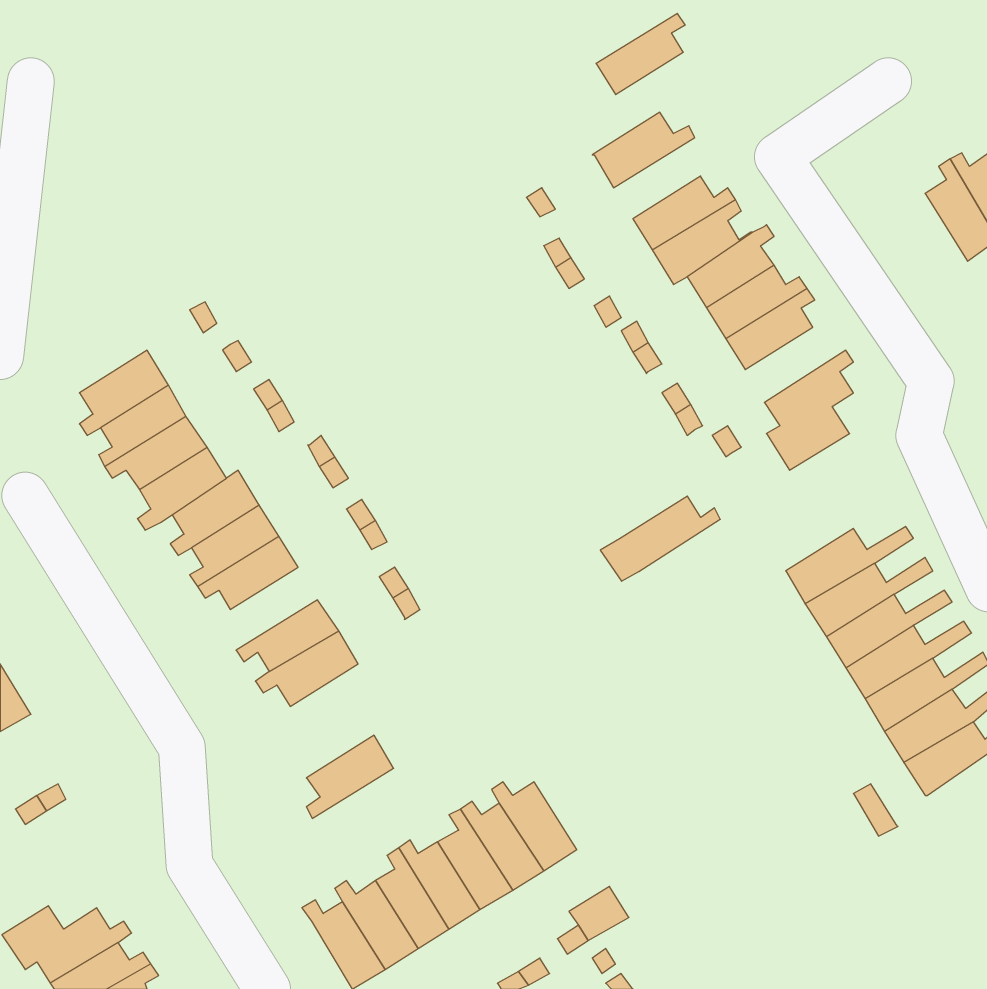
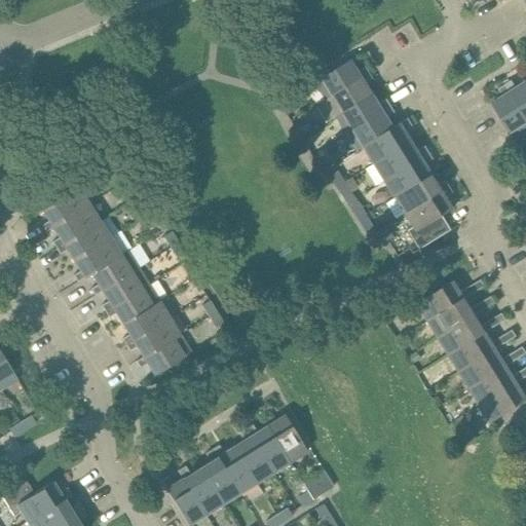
building: [596,13,685,95] -> [327,73,374,116]
building: [600,496,720,581] -> [386,174,450,219]
building: [306,735,394,818] -> [123,301,170,345]

